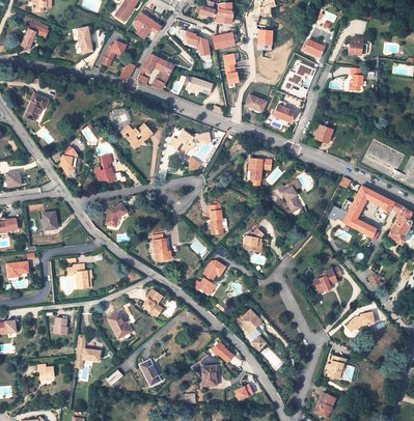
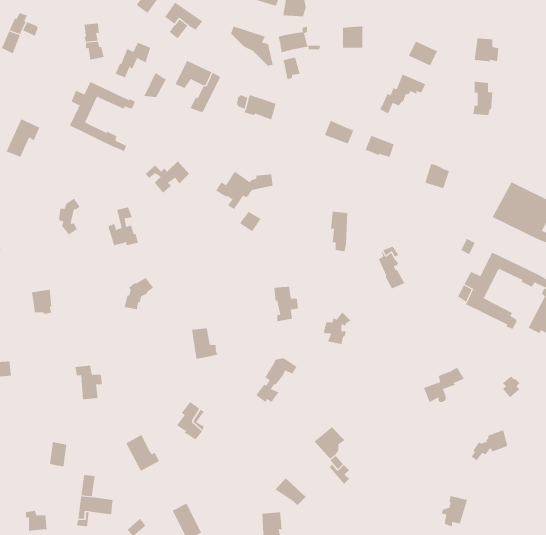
building: none -> [69,81,135,152]

